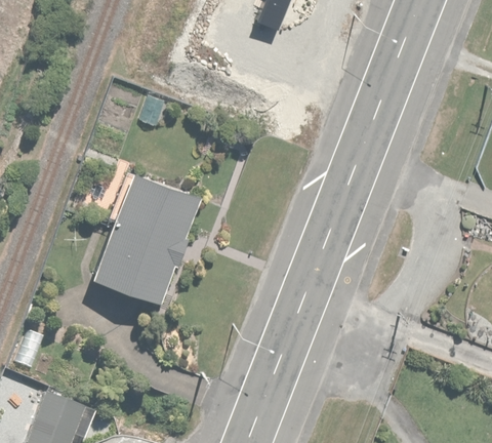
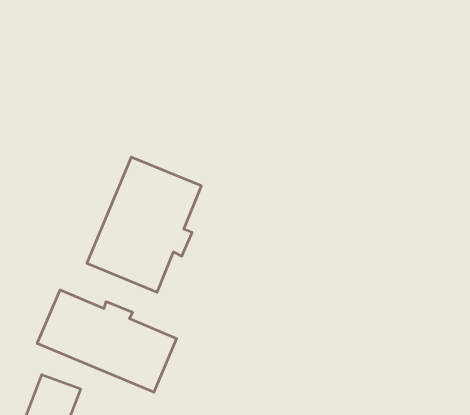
building: none -> [37,290,177,392]

